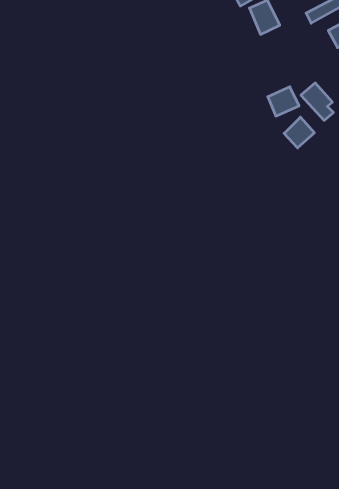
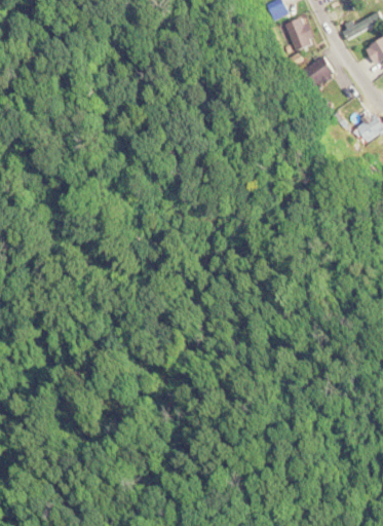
building: [268,87,299,116] -> [303,59,335,88]
building: [284,117,314,148] -> none

